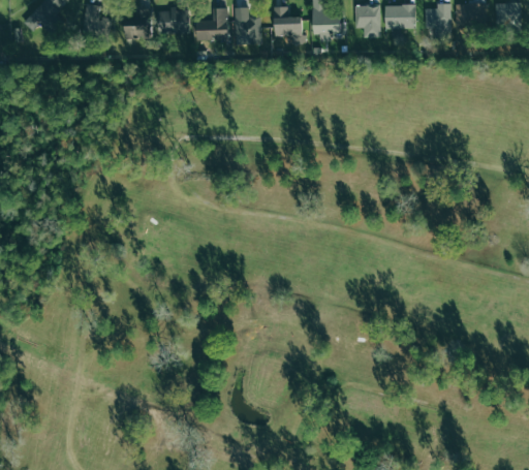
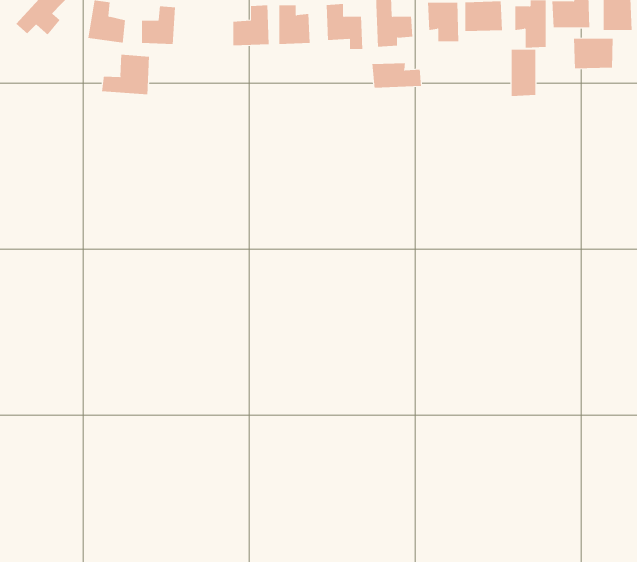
building: [159,10,189,33] -> none
building: none -> [573,38,613,69]
building: none -> [511,49,536,97]
building: none -> [102,54,149,95]
building: none -> [372,63,422,88]

